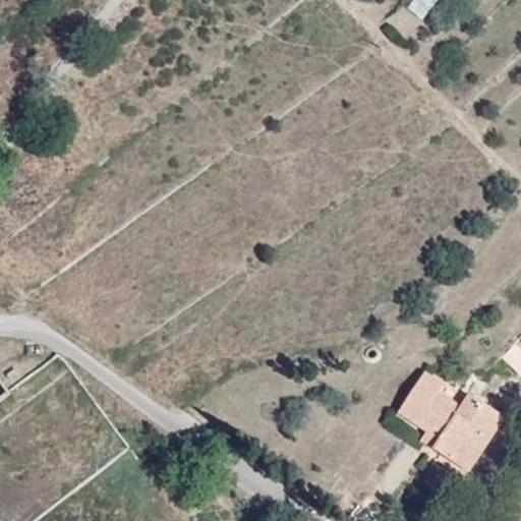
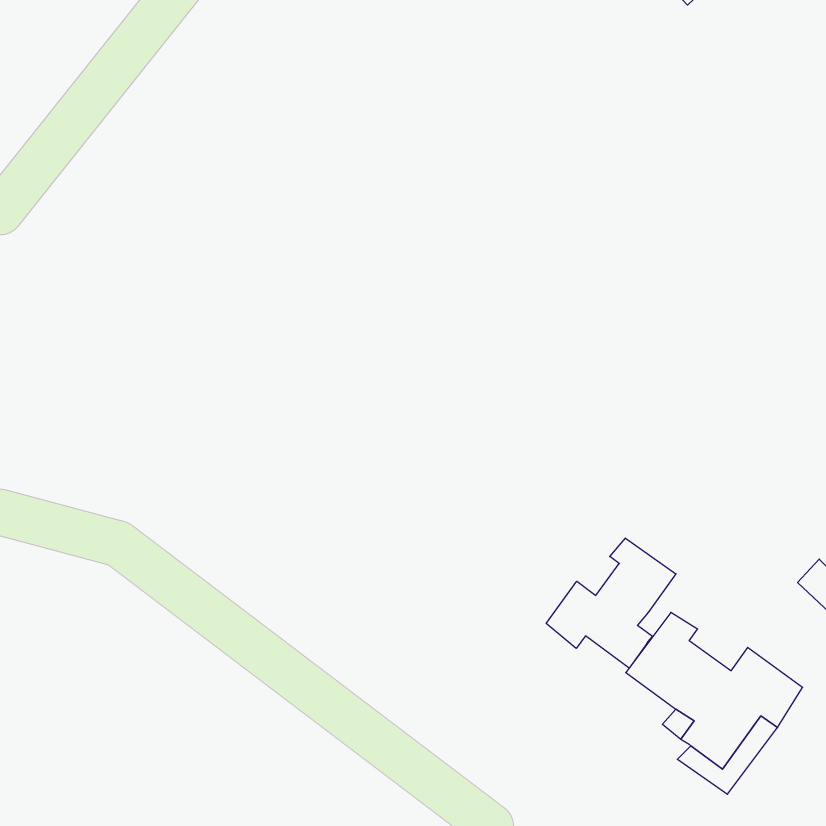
building: none -> [546,538,676,668]

